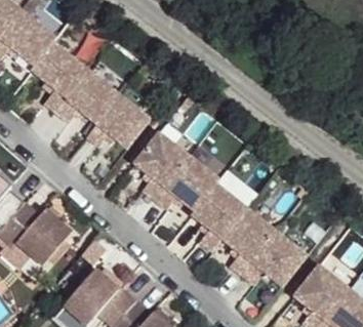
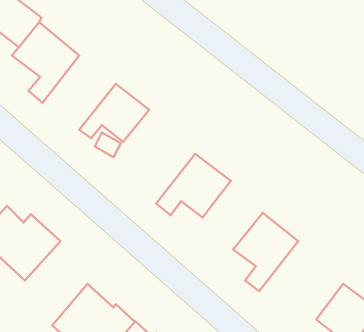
building: [55,70,119,122] -> none
building: [133,131,188,198] -> none
building: [191,182,246,250] -> none
building: [243,231,306,284] -> none

